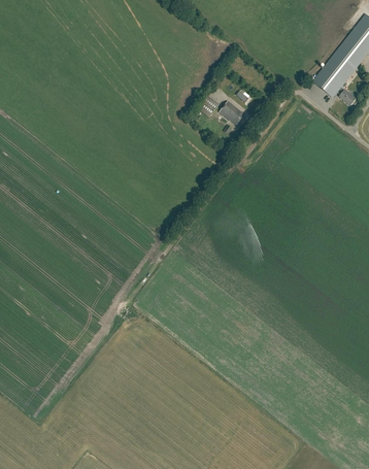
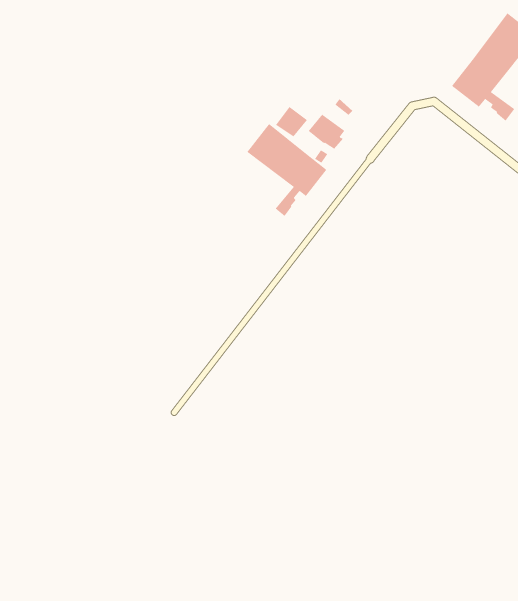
building: none -> [246,123,327,217]

